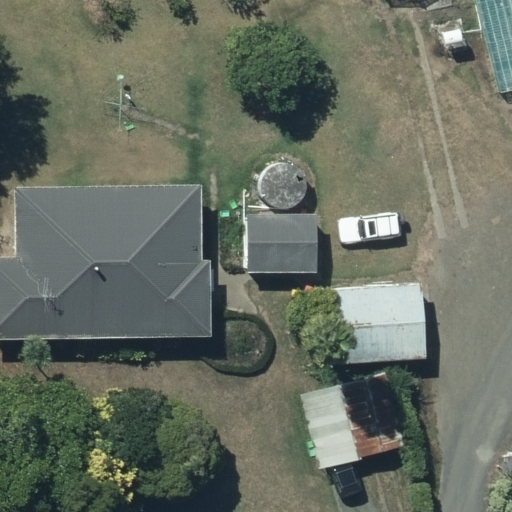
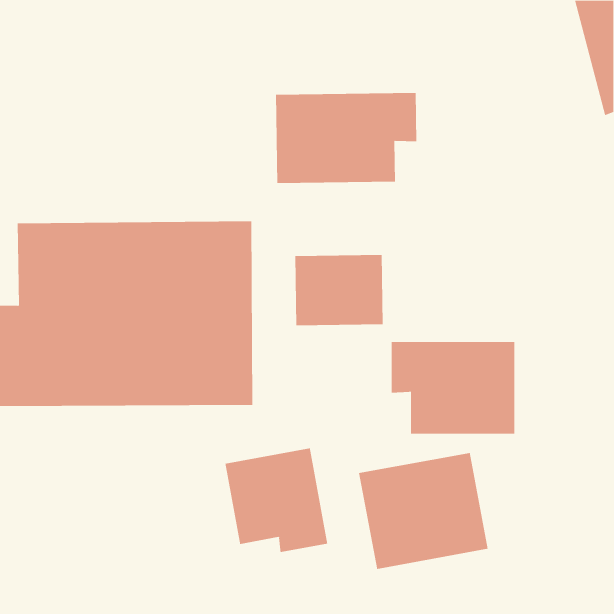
building: none -> [276,92,417,184]
building: none -> [225,448,328,553]

